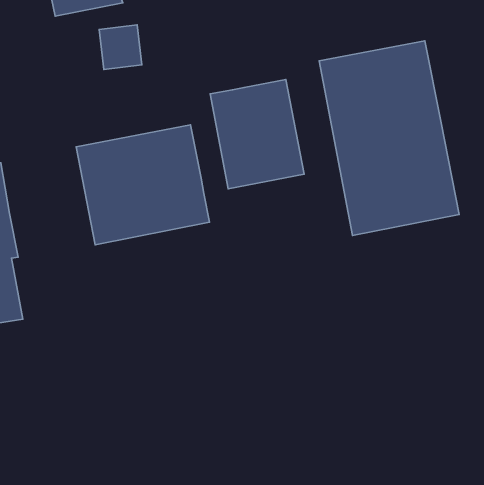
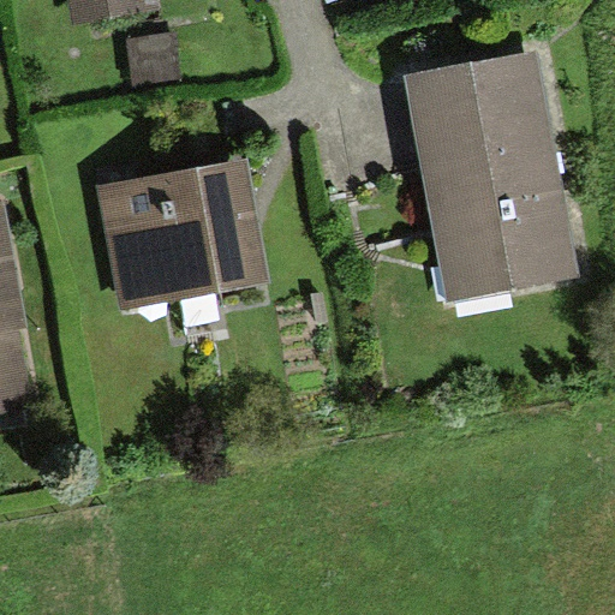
building: [210,79,304,189] -> none

